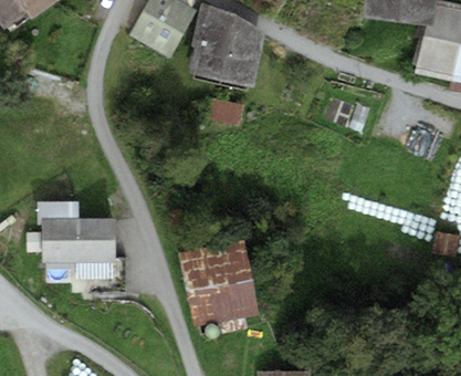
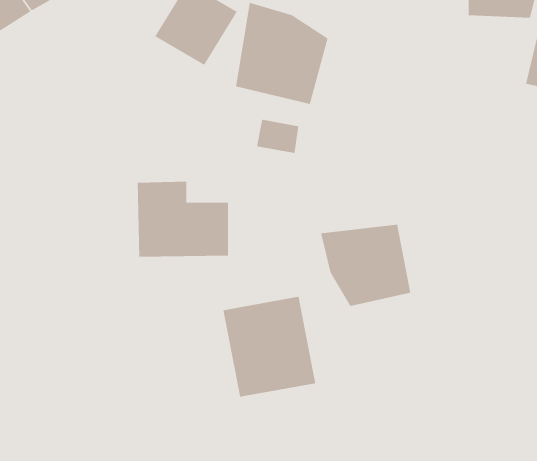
building: none -> [320,224,411,307]
building: [41,201,114,262] -> [137,181,229,258]

